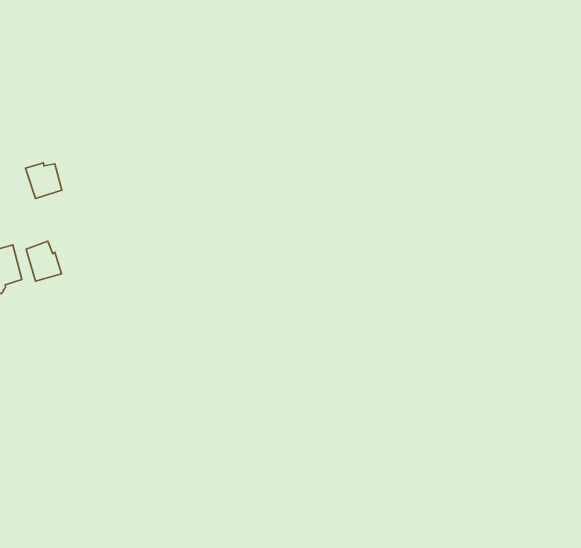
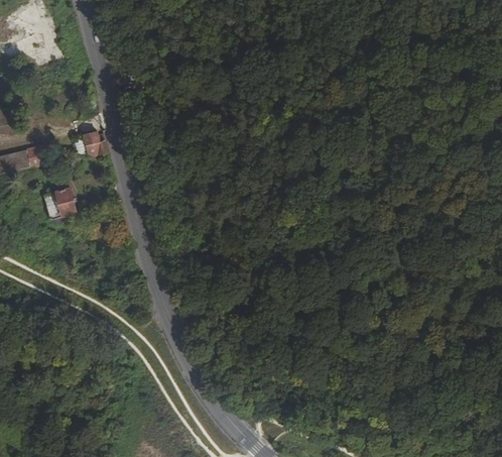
building: [26,241,62,281] -> none

